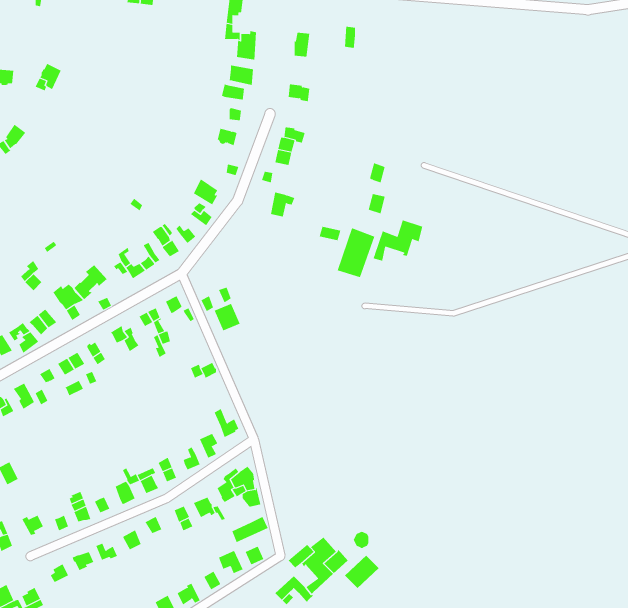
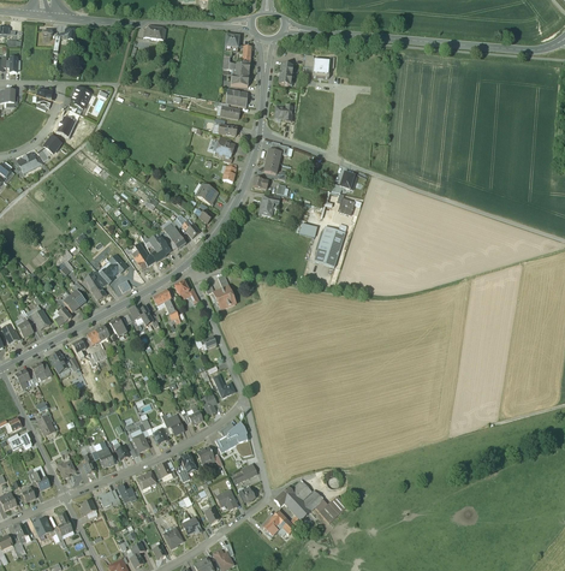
building: [373,219,423,261] -> none

